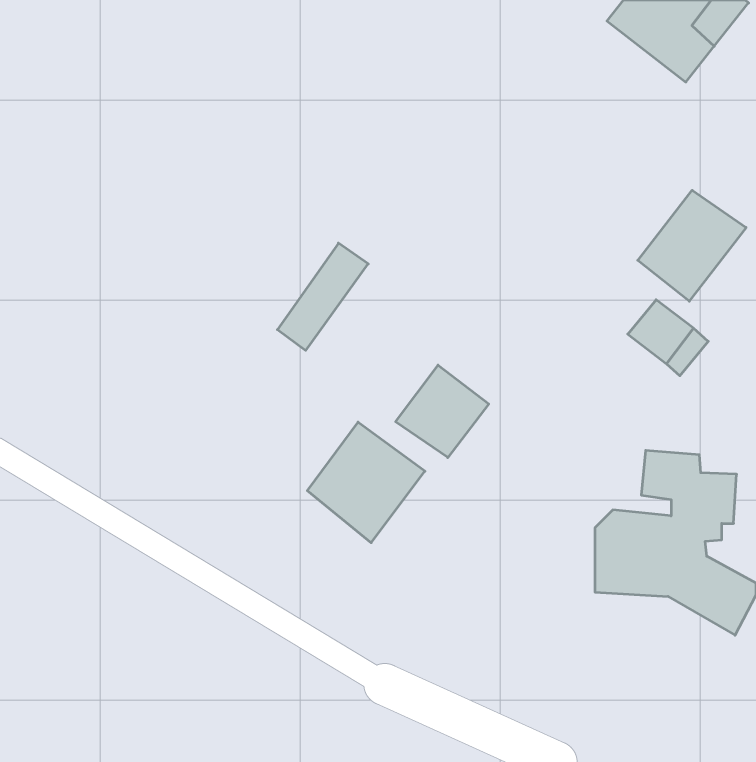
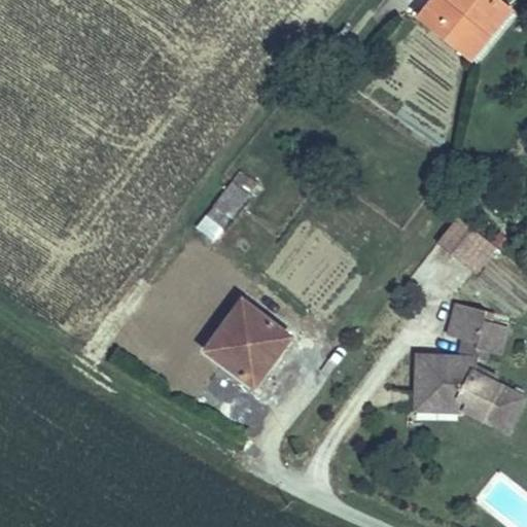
building: [638,190,746,301] -> none
building: [396,365,489,458] -> none

